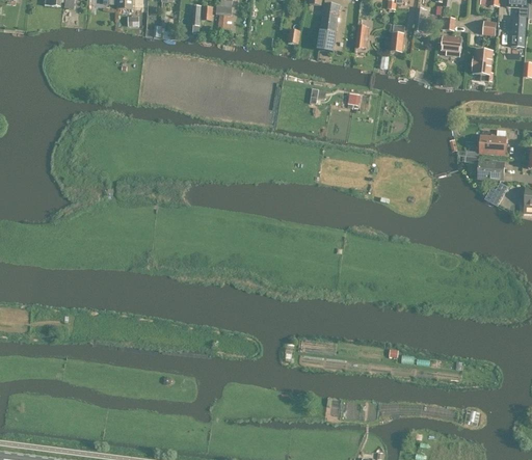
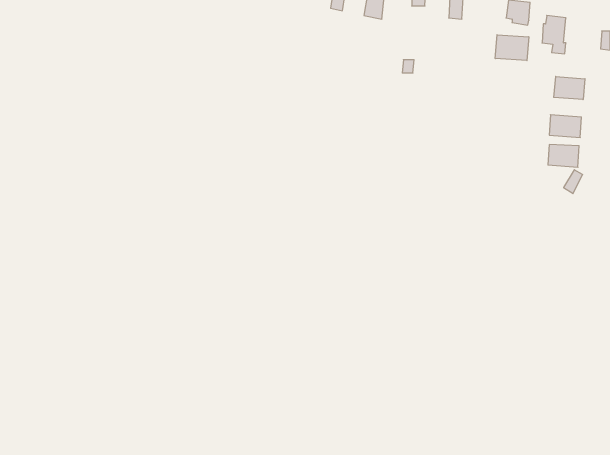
building: none -> [495,35,529,61]
building: none -> [554,76,585,100]

